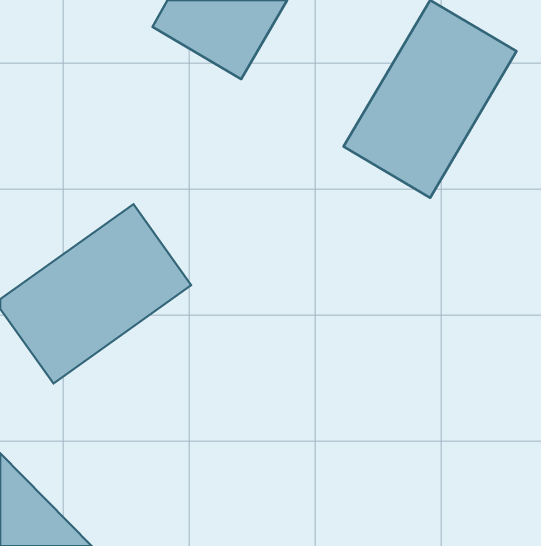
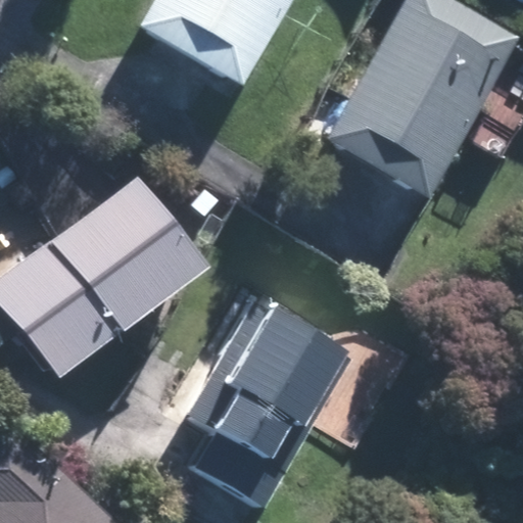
building: none -> [193,311,337,503]

